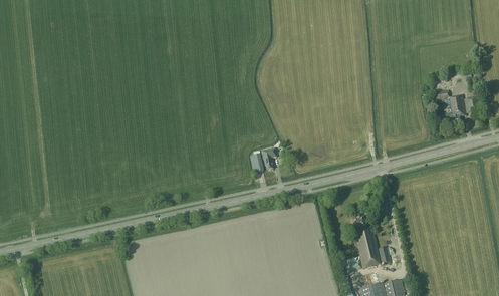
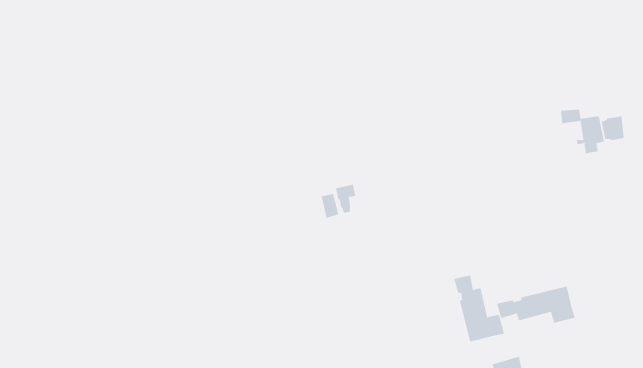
building: none -> [497,286,576,324]

